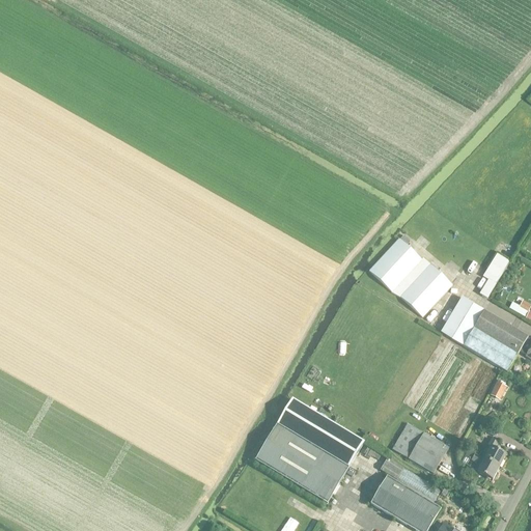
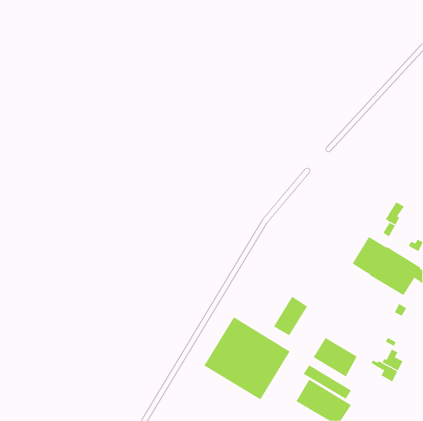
building: [369,236,421,289] -> none
building: [399,262,452,315] -> none
building: none -> [273,296,308,336]

